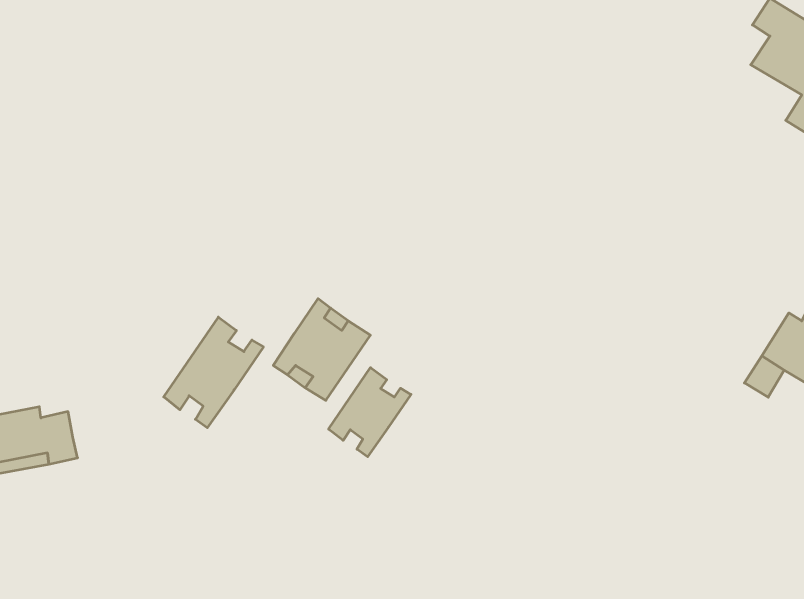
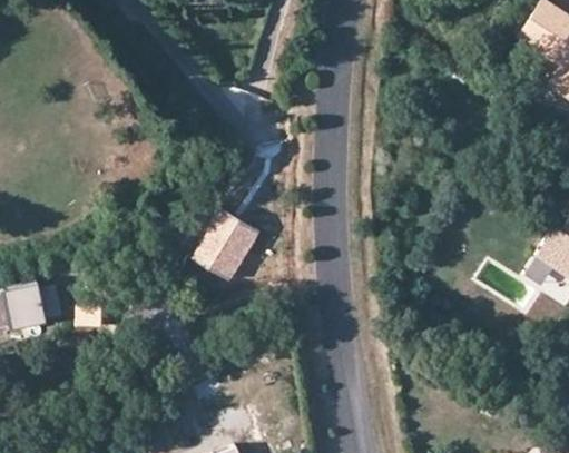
building: [164,317,263,428] -> none
building: [329,368,411,457] -> none

